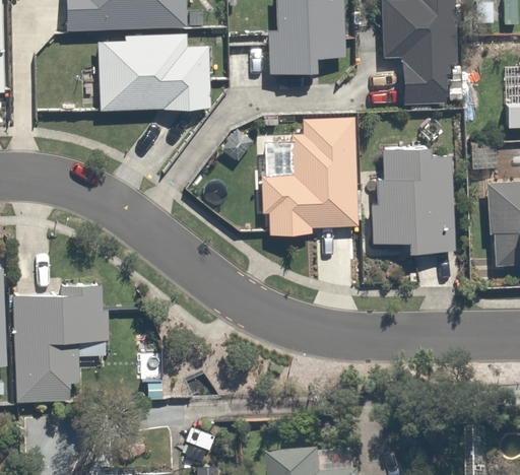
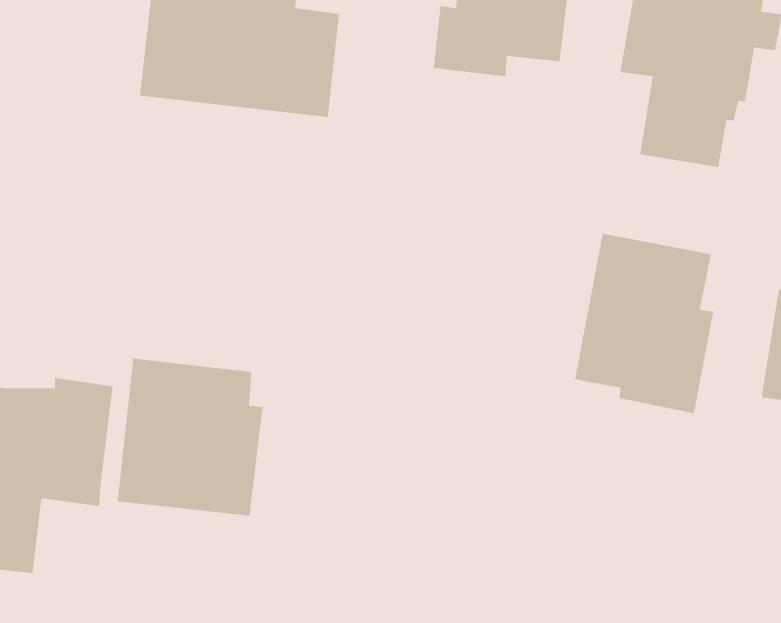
building: [262,120,360,234] -> none
building: none -> [117,358,264,517]

